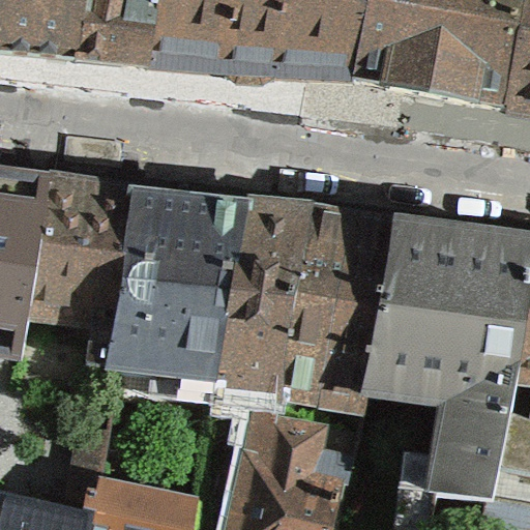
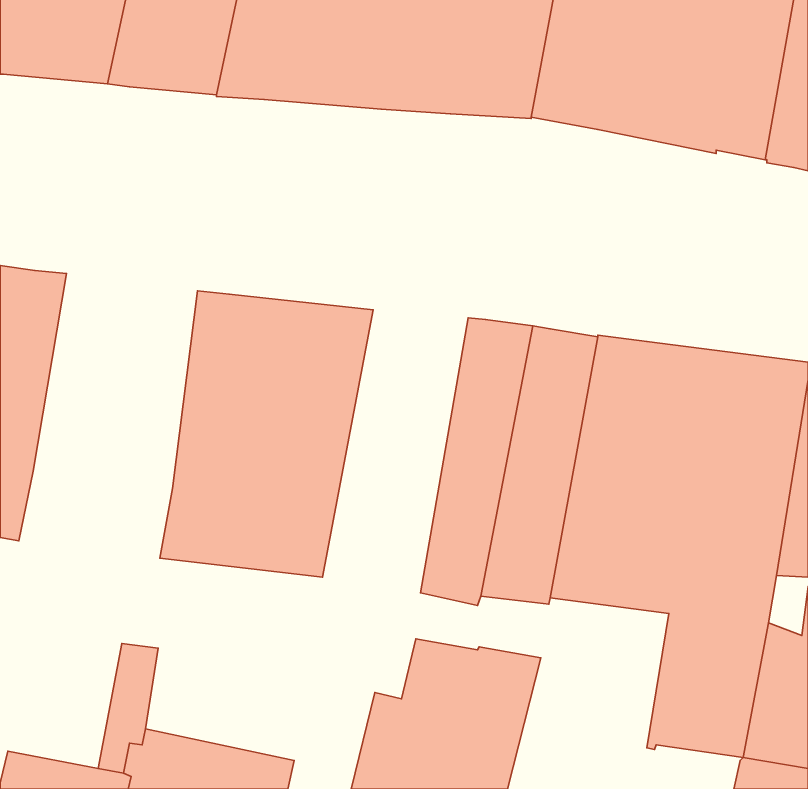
building: [22,179,129,320] -> none
building: [209,203,306,396] -> none

